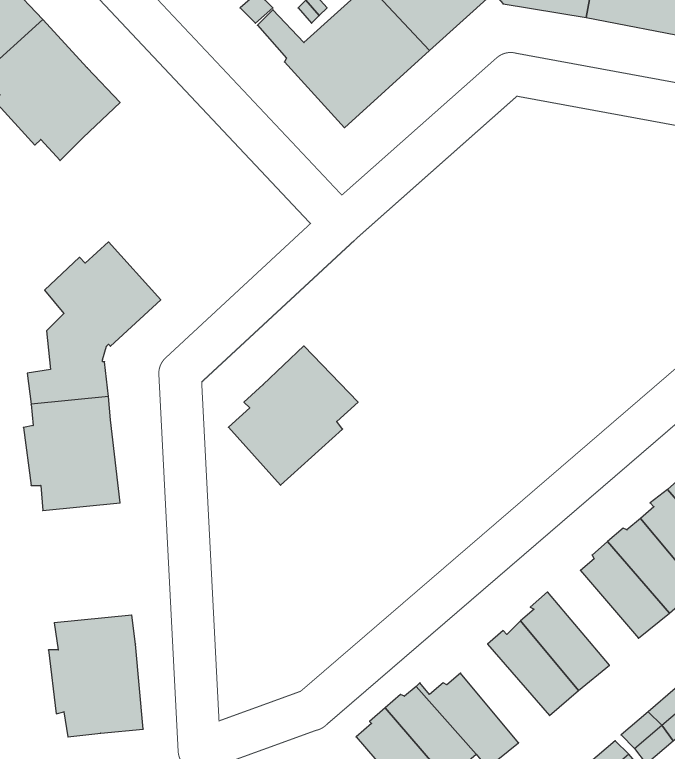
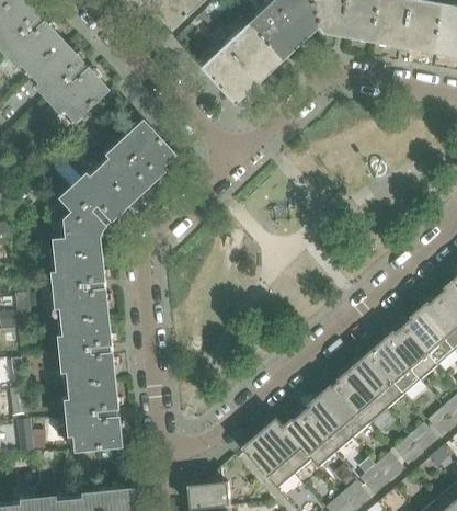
building: [228,346,358,485] -> [101,123,174,202]
building: none -> [60,317,114,385]
building: none -> [350,355,401,409]
building: none -> [300,397,351,453]

